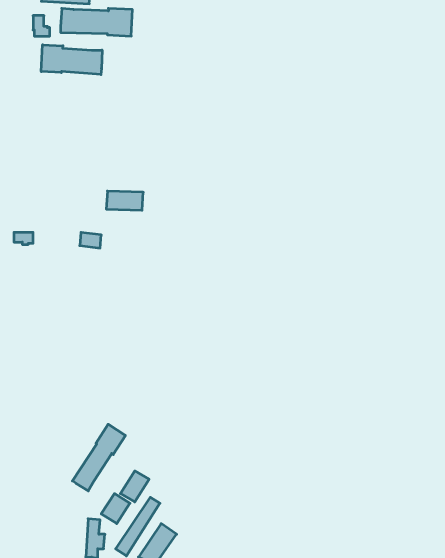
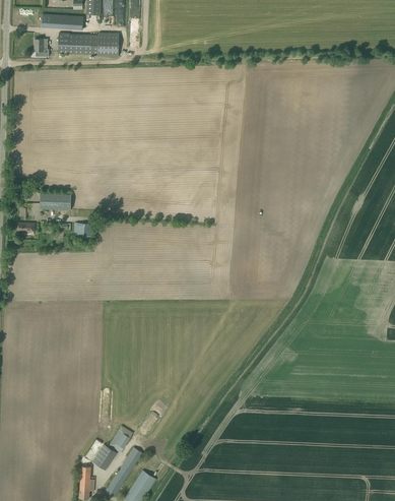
building: [41,45,102,75] -> none
building: [106,191,143,210] -> [40,193,71,209]
building: [72,424,125,491] -> none

